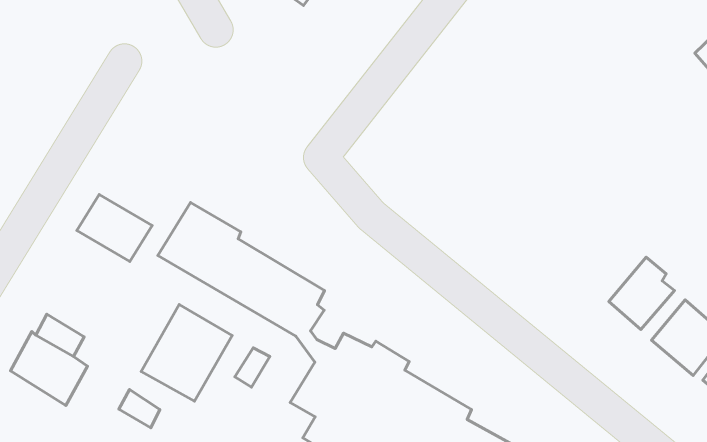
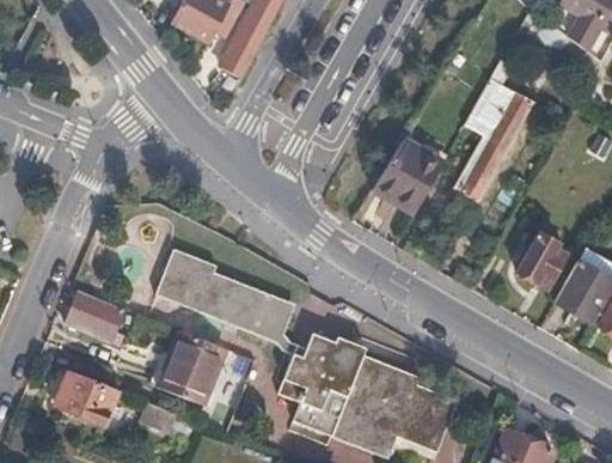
building: none -> [454,53,533,202]
building: none -> [373,144,441,217]
building: [77,194,152,262] -> [65,292,123,341]

